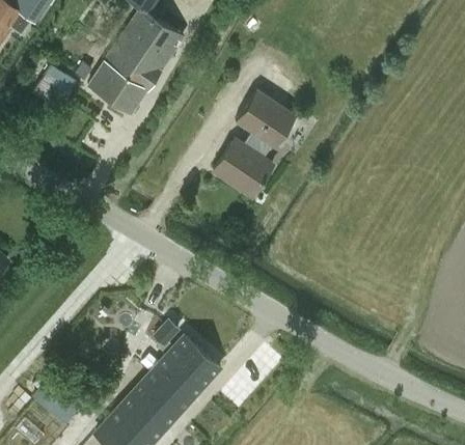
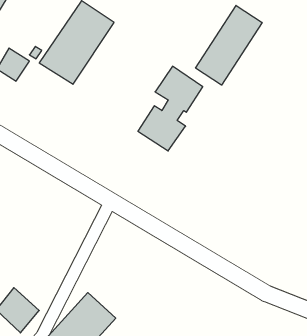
building: none -> [196,5,262,85]
building: [148,322,219,408] -> none

